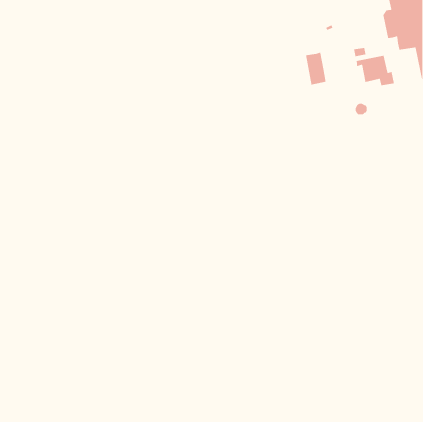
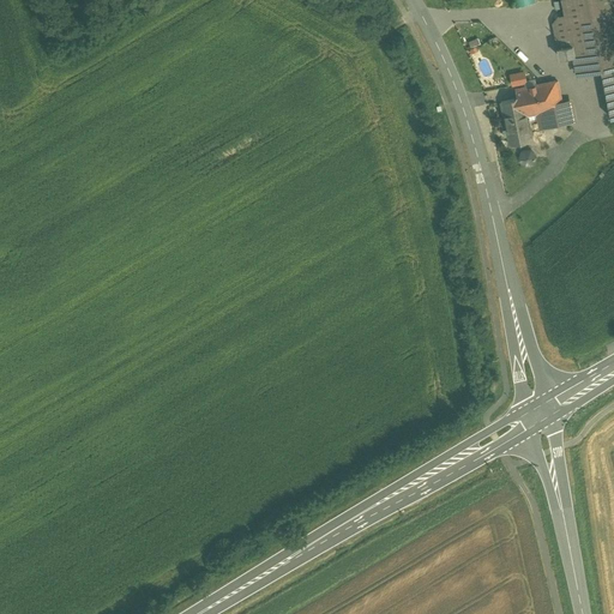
building: [305,52,327,86] -> [500,95,531,144]

